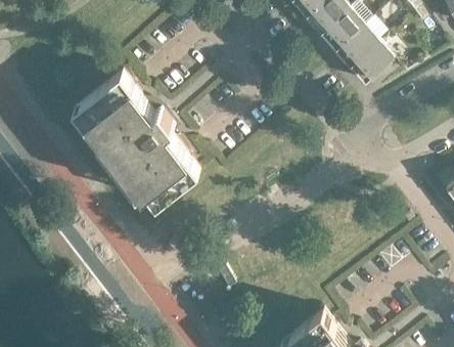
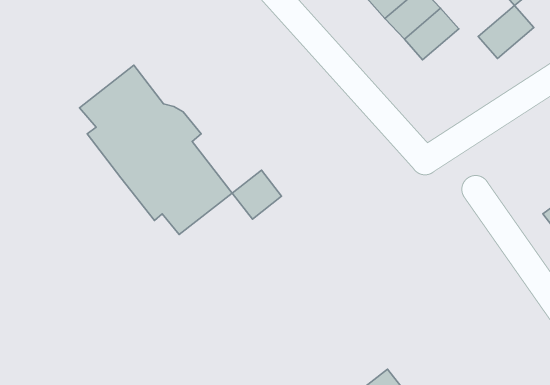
building: [351,40,395,82] -> [478,6,534,59]
building: none -> [232,170,282,219]

